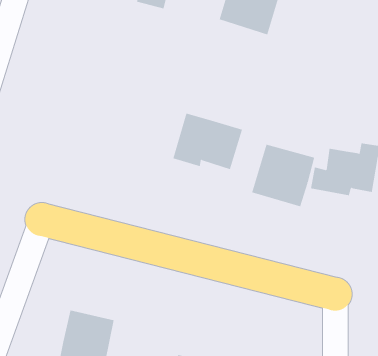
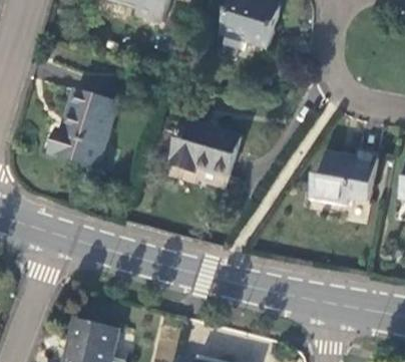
building: none -> [50,89,116,164]
building: [252,144,315,207] -> none

